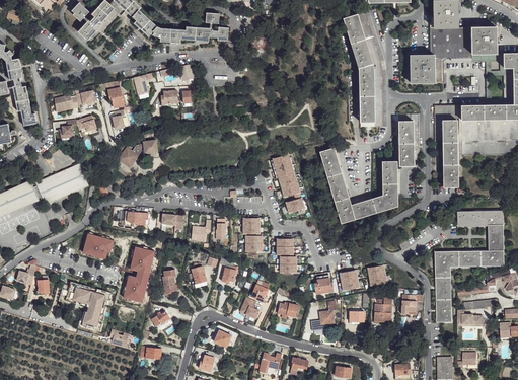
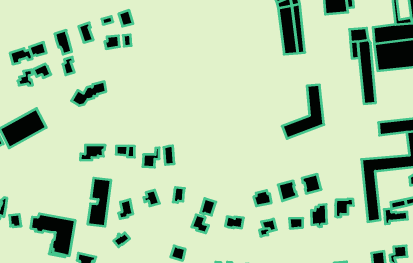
building: [398,113,419,165] -> none
building: [319,150,355,226] -> none
building: [270,151,305,211] -> none
building: [242,215,263,253] -> none
building: [83,233,114,258] -> none
building: [277,235,297,274] -> none

